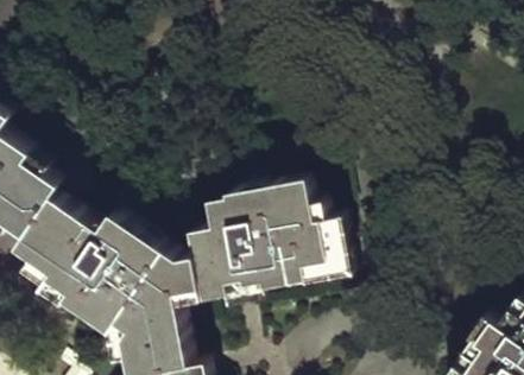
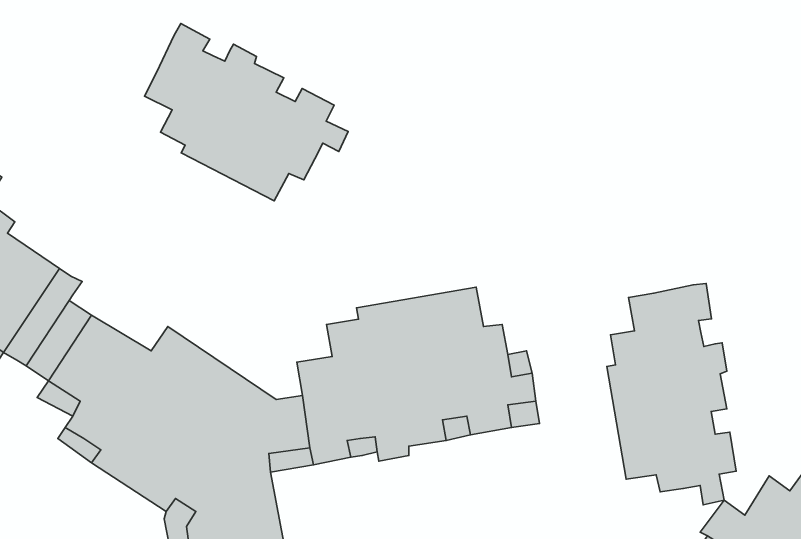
building: none -> [144,24,348,201]
building: none -> [607,283,736,505]

